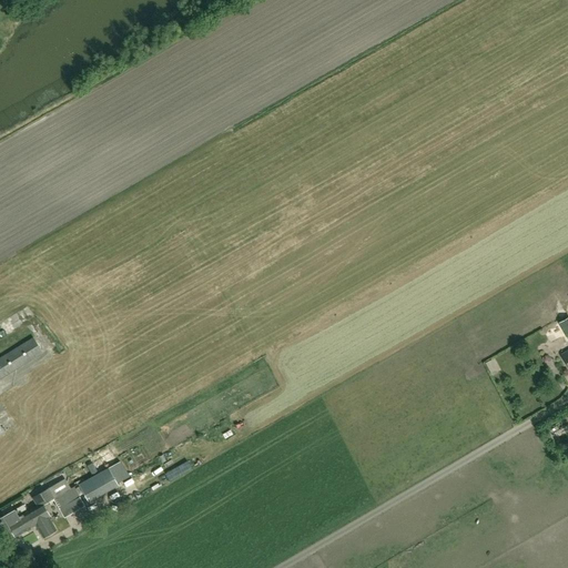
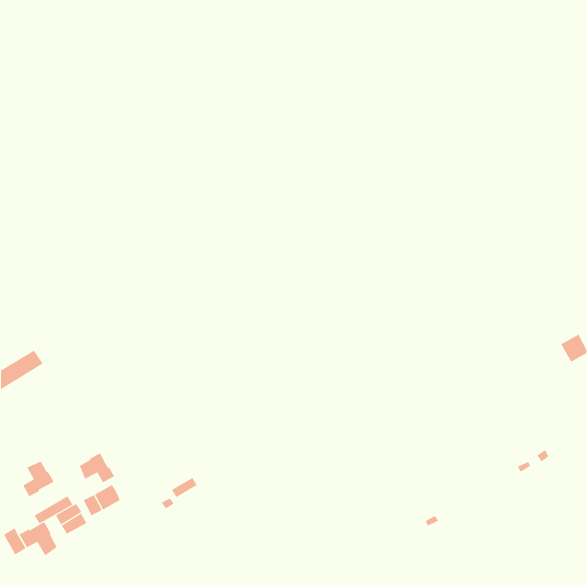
building: none -> [79,453,115,483]
building: none -> [23,461,54,497]

